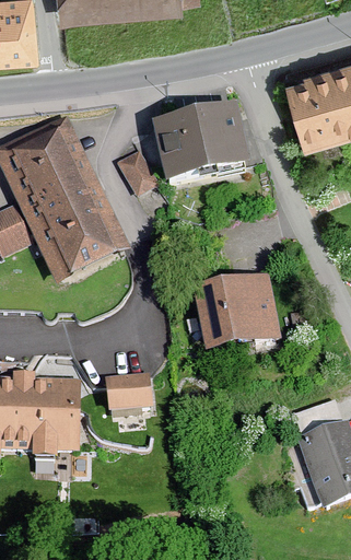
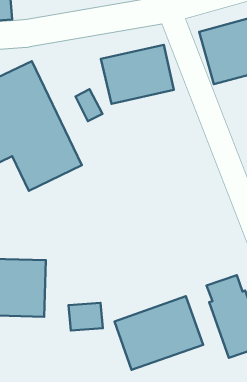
building: [195,266,279,341] -> none
building: [105,376,151,413] -> [68,303,103,331]
building: none -> [114,296,203,370]

